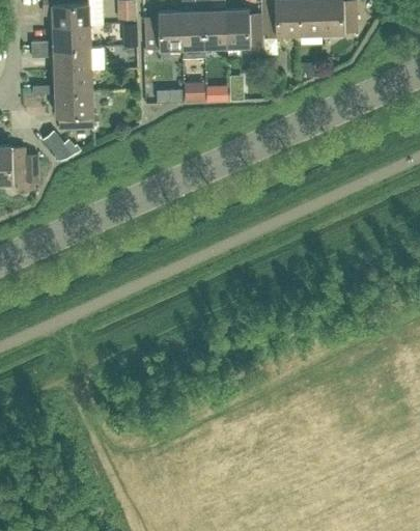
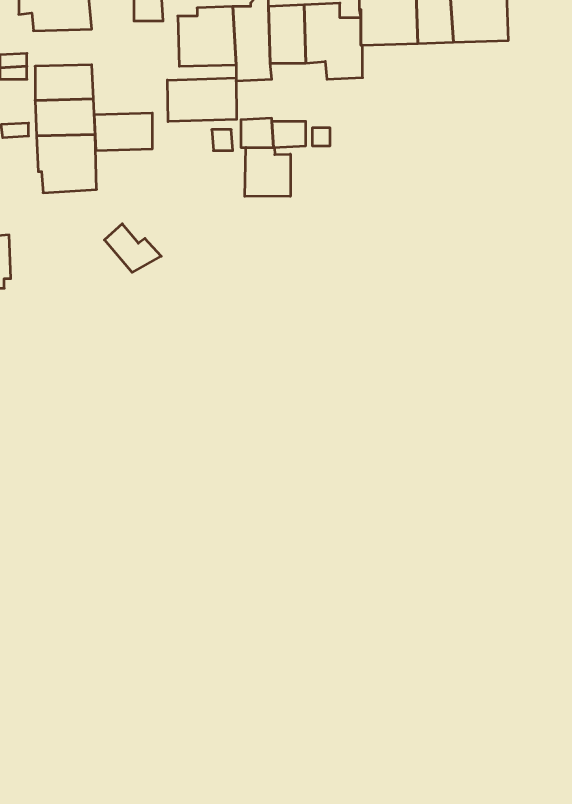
building: [53,25,90,49] -> [94,113,152,150]
building: none -> [167,78,237,122]
building: none -> [245,147,290,196]
building: [43,130,79,161] -> [104,224,161,272]

